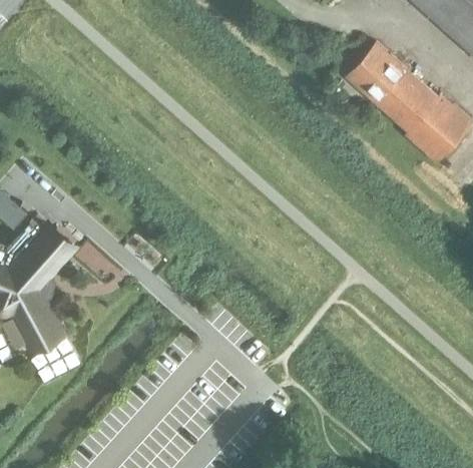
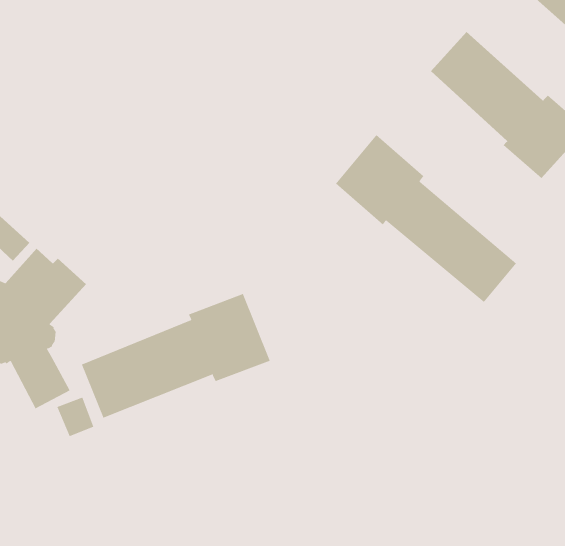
building: none -> [335,134,517,303]
building: none -> [81,293,270,419]

